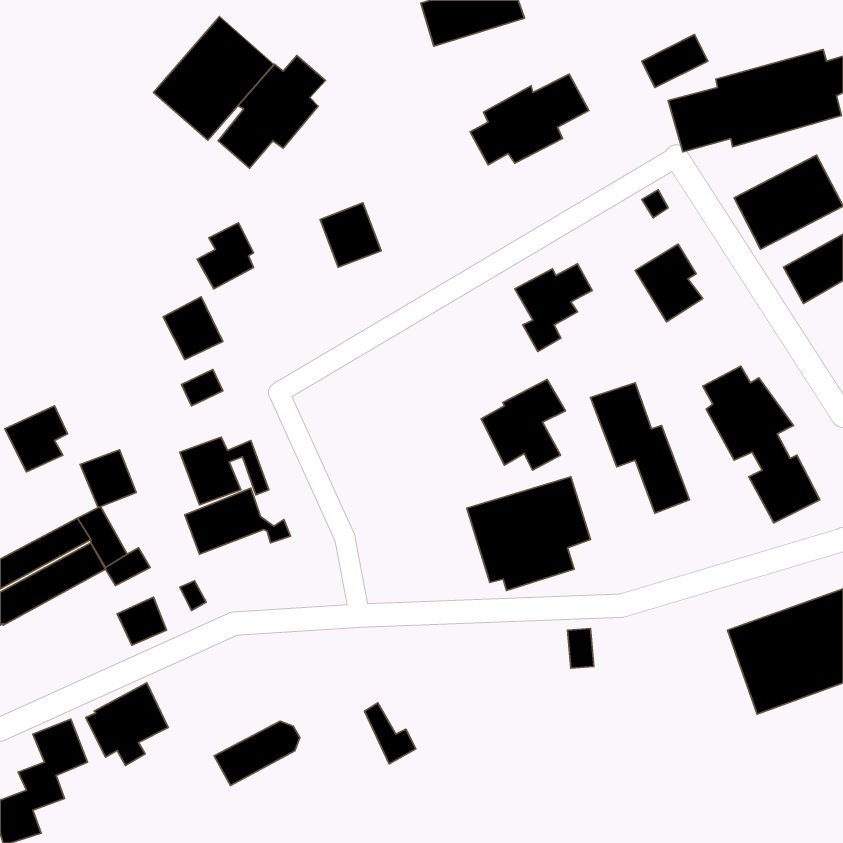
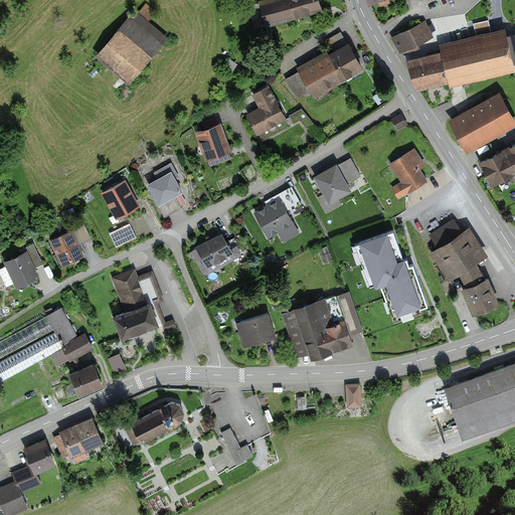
building: [218,55,325,168] -> none
building: none -> [246,89,285,136]
building: [197,223,253,289] -> [146,164,180,204]
building: [481,379,565,470] -> [251,186,303,241]
building: none -> [194,234,229,267]
building: [80,450,136,507] -> [49,231,83,267]
building: none -> [235,311,276,348]
building: [214,721,300,785] -> [132,401,184,441]

